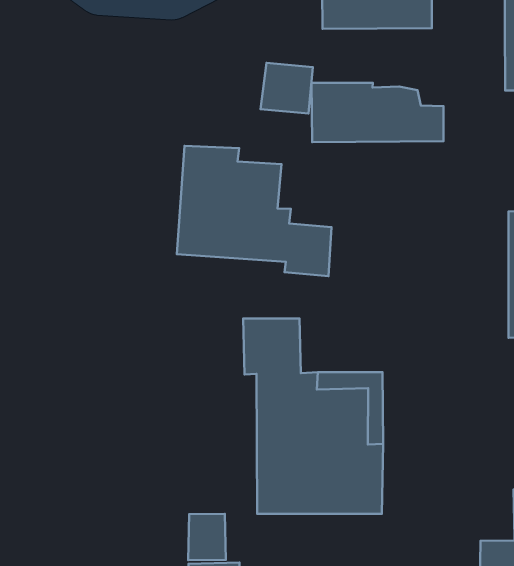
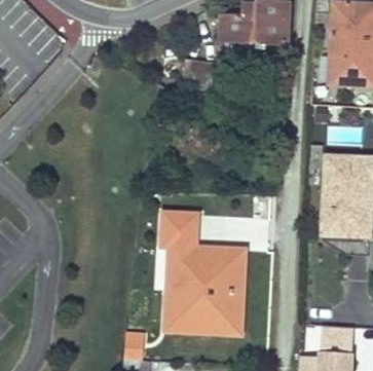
building: [311,83,443,142] -> none
building: [177,146,332,276] -> none

